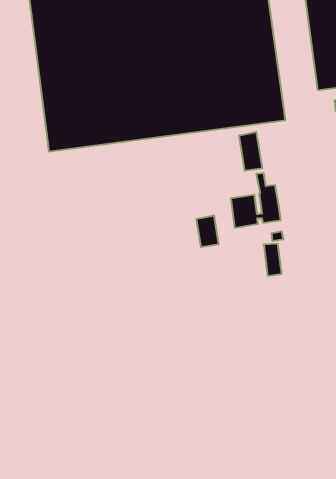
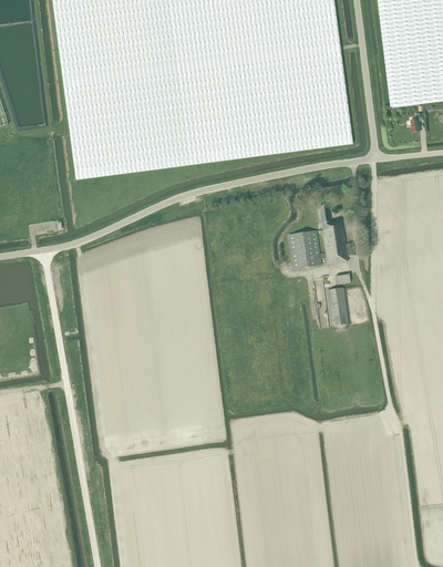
building: [239,132,262,171] -> none
building: [197,215,218,247] -> none

